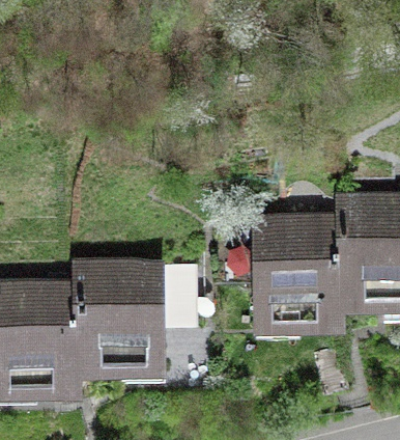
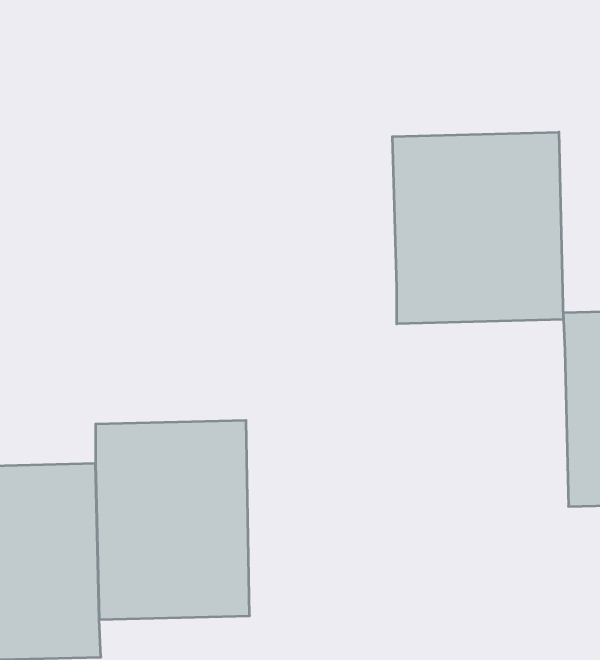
building: none -> [392,132,563,324]
building: [257,222,342,336] -> none

